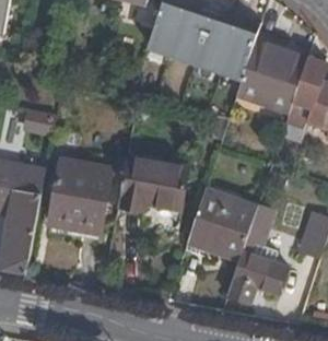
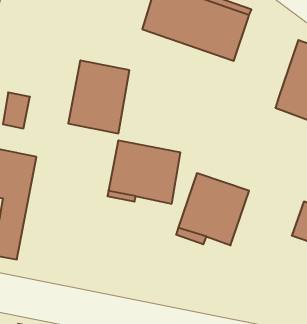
building: [235,33,307,113] -> none
building: [49,158,110,232] -> [68,60,129,133]
building: [226,244,289,302] -> none

